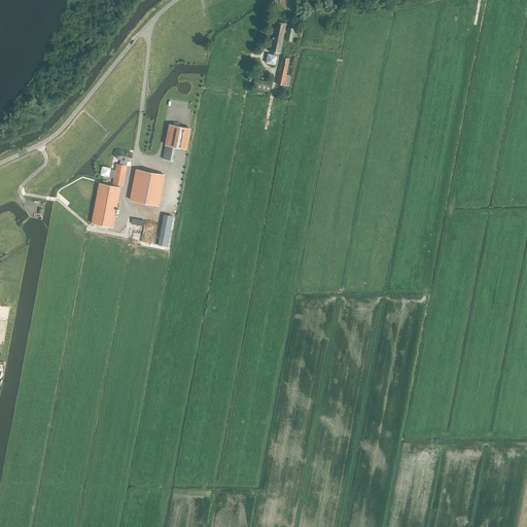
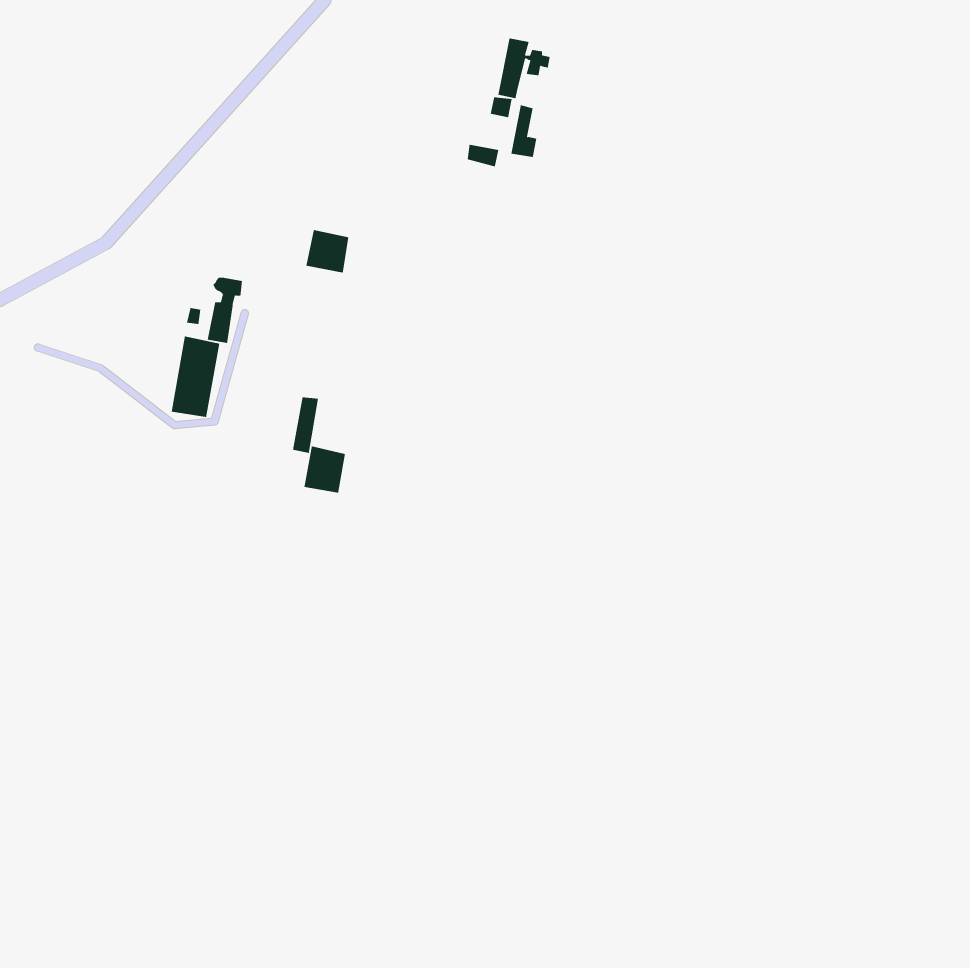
building: [131,170,164,206] -> none
building: none -> [304,446,345,494]

